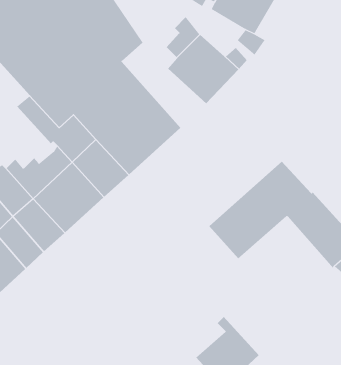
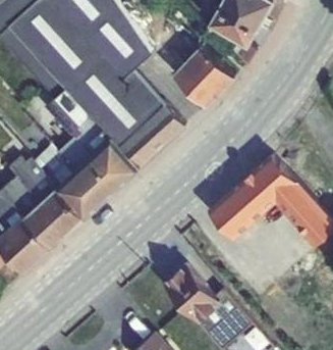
building: none -> [161,262,222,324]

